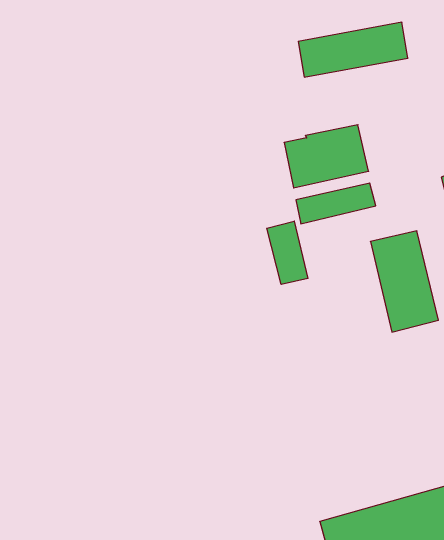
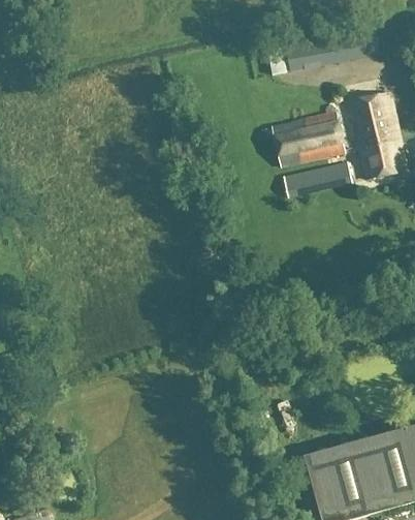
building: [267,221,308,284] -> none
building: [370,231,438,332] -> [348,92,407,180]

